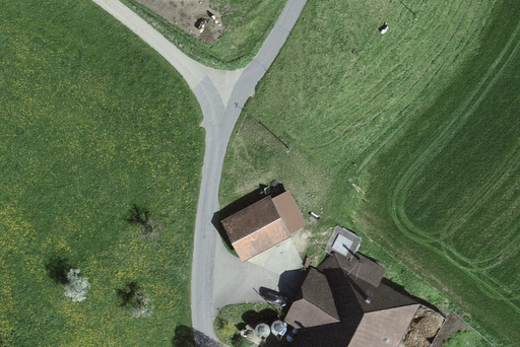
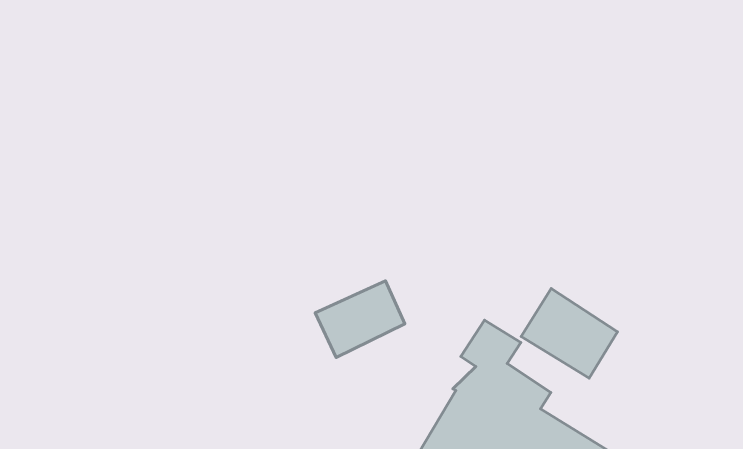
building: none -> [521,289,617,378]

